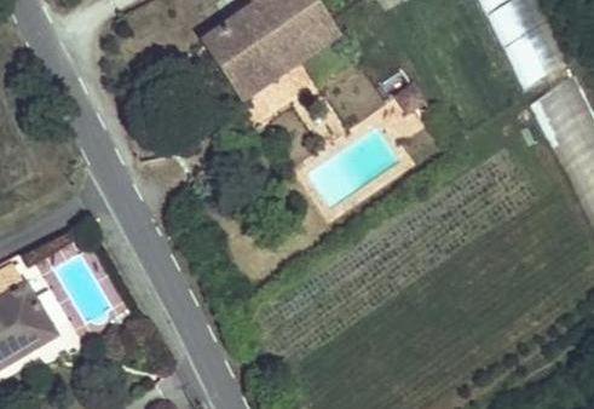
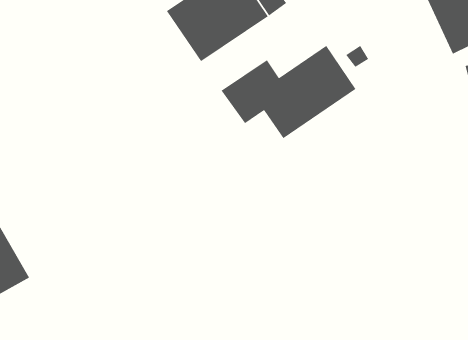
building: none -> [221,45,357,139]

